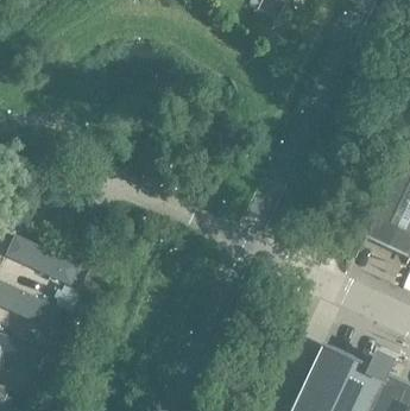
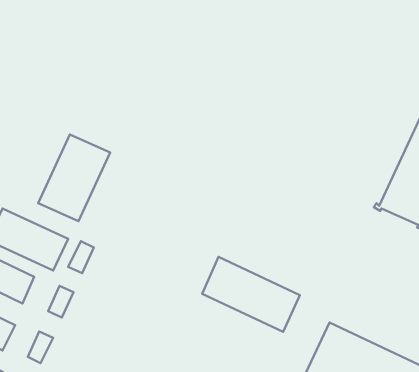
building: none -> [38,135,110,221]
building: none -> [202,257,300,332]

